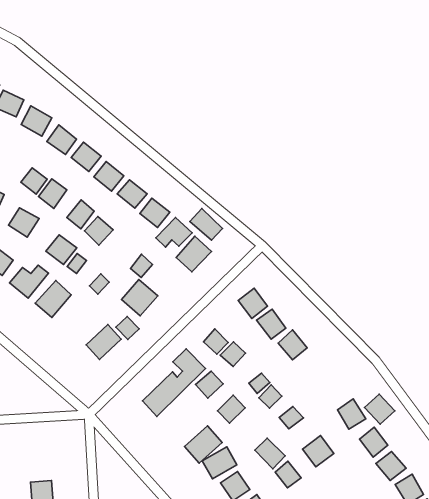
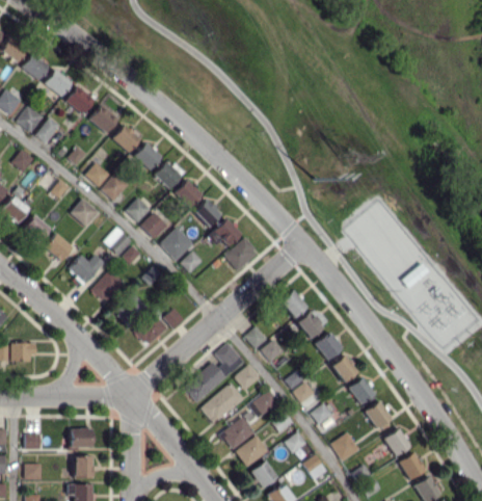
building: [190,209,222,240] -> none
building: [121,279,158,316] -> [160,227,194,261]
building: none -> [330,354,358,383]
building: none -> [202,383,244,424]
building: [364,394,395,424] -> [348,376,376,404]
building: none -> [71,428,92,448]

